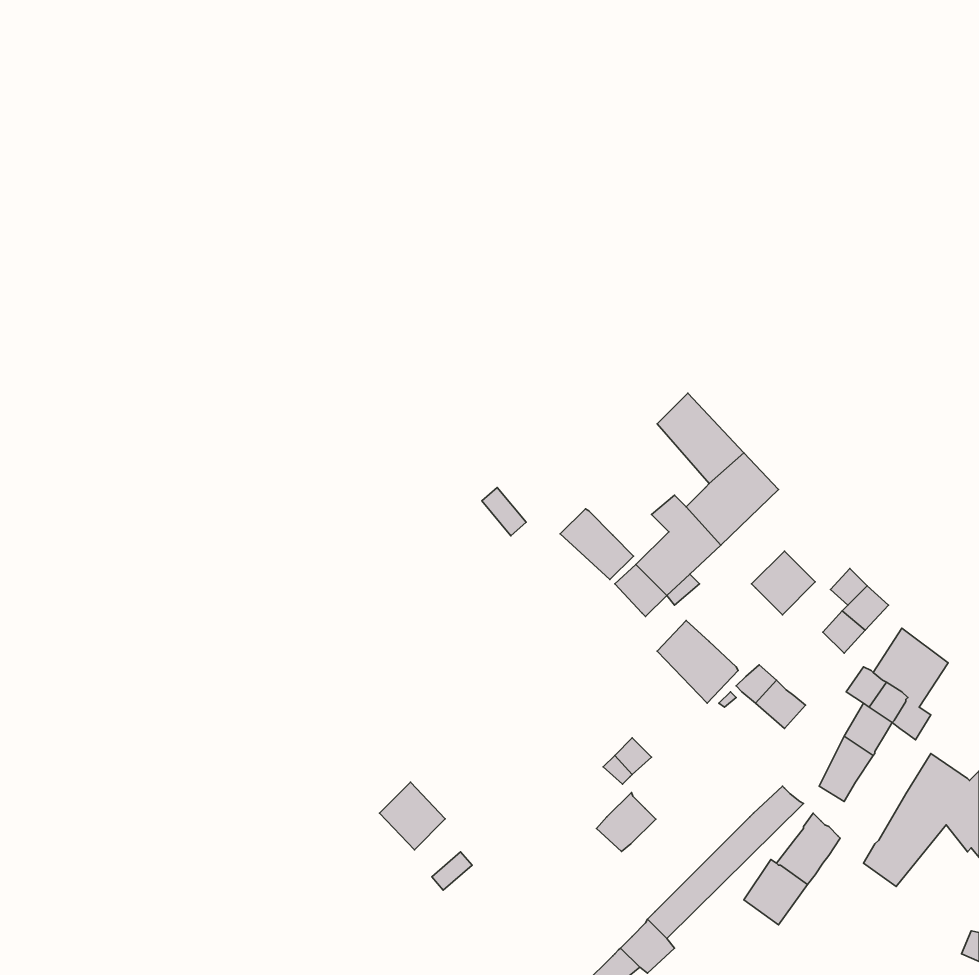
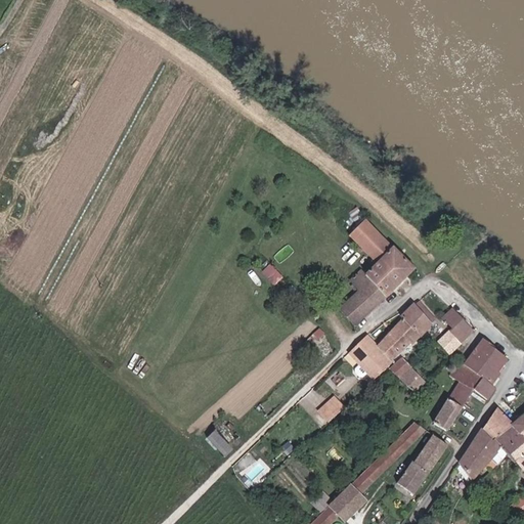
building: [560,509,633,580] -> none
building: none -> [377,317,416,359]
building: [596,792,656,851] -> none

